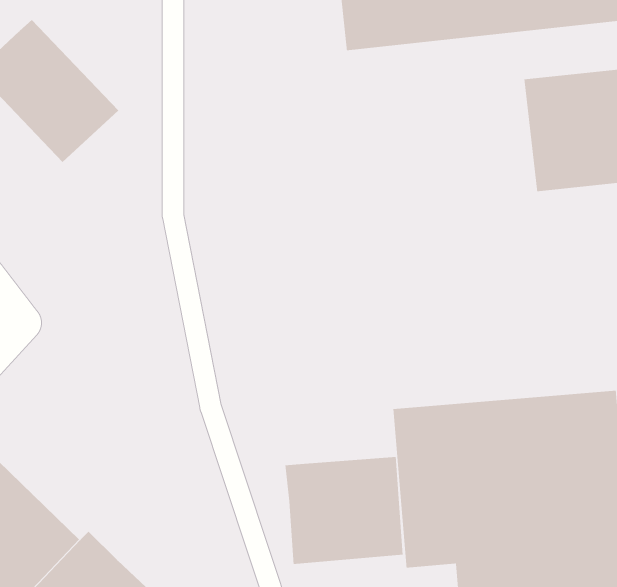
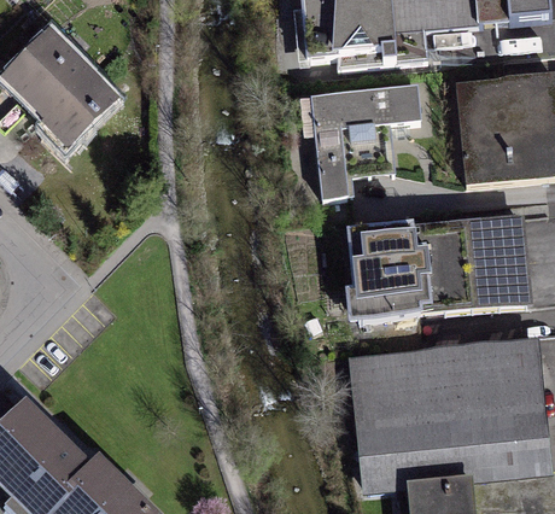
building: none -> [311,83,419,195]
building: none -> [345,209,527,319]
building: [285,456,403,565] -> none

